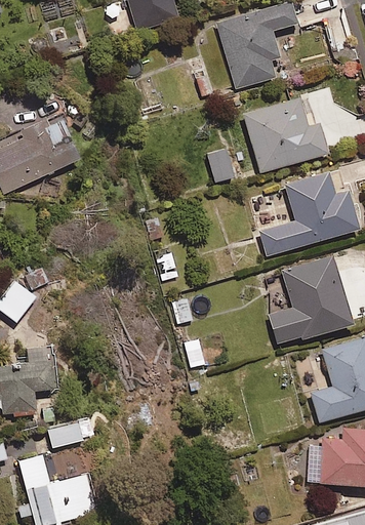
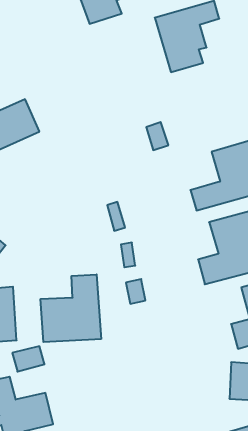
building: [245,96,325,172] -> none
building: none -> [41,274,101,342]

